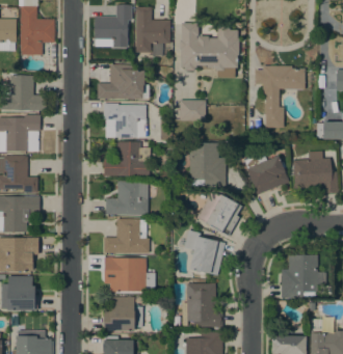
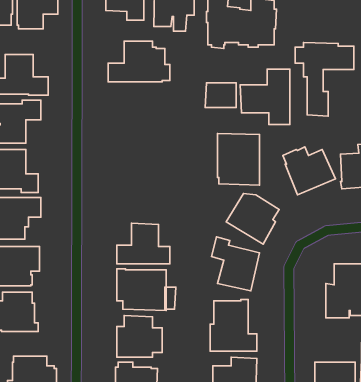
building: none -> [240,69,290,124]
building: [103,103,148,137] -> none
building: [103,141,150,175] -> none
building: [105,181,148,214] -> none

